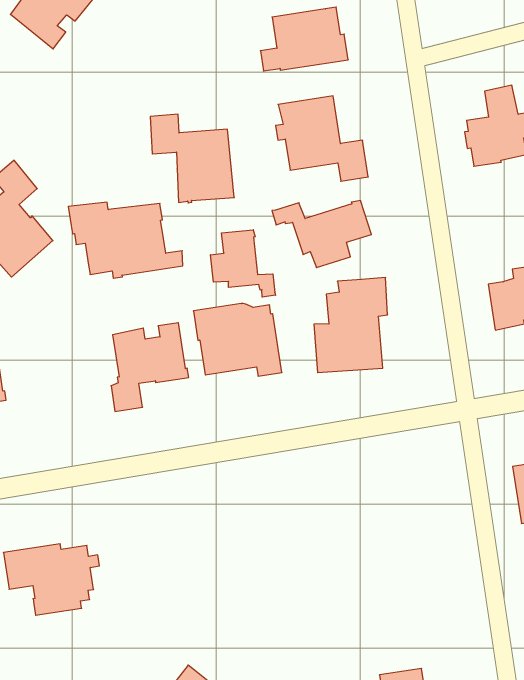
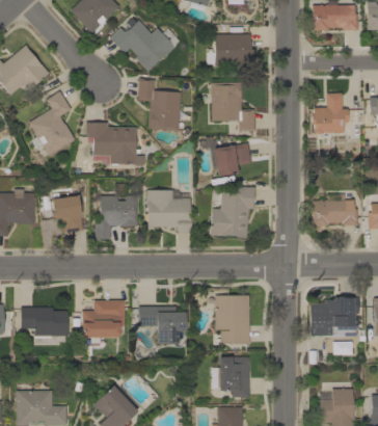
building: none -> [110,18,179,72]
building: [211,230,276,297] -> none
building: none -> [52,195,83,233]
building: none -> [210,296,249,344]
building: none -> [130,307,186,344]
building: none -> [82,300,125,346]
building: none -> [211,356,249,397]

